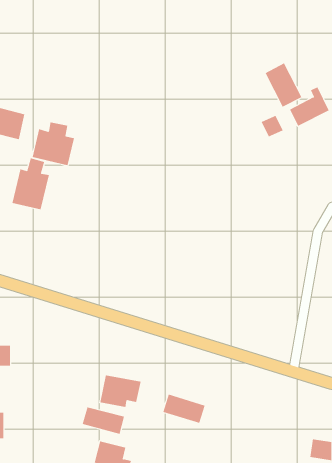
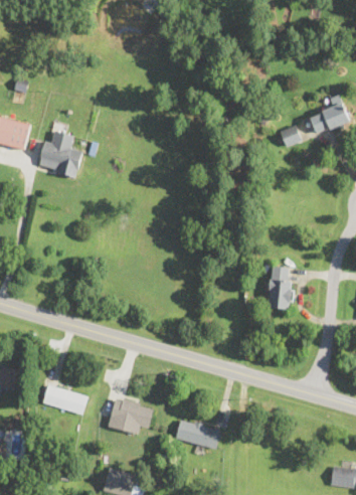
building: [265,63,302,108] -> none
building: [12,157,50,210] -> none
building: none -> [269,267,293,310]
building: [82,407,125,435] -> [42,385,87,415]

